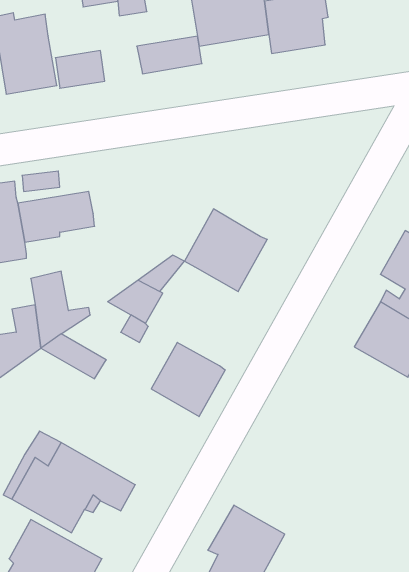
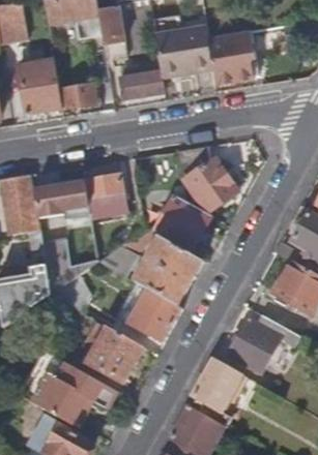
building: none -> [177,150,238,214]
building: none -> [83,174,127,218]
building: none -> [134,236,203,306]
building: none -> [229,315,293,372]
building: none -> [86,326,142,383]
building: none -> [193,360,240,427]

